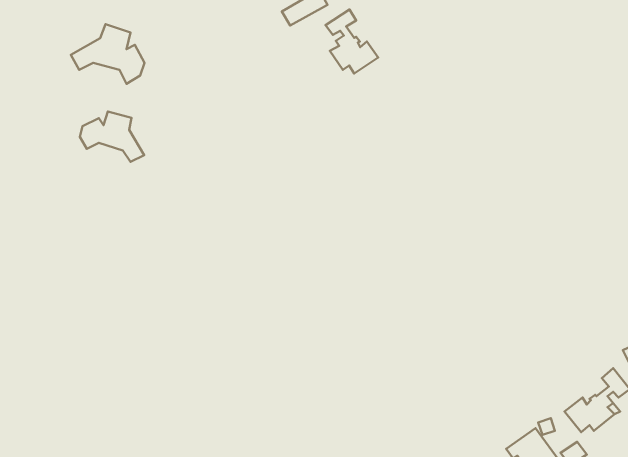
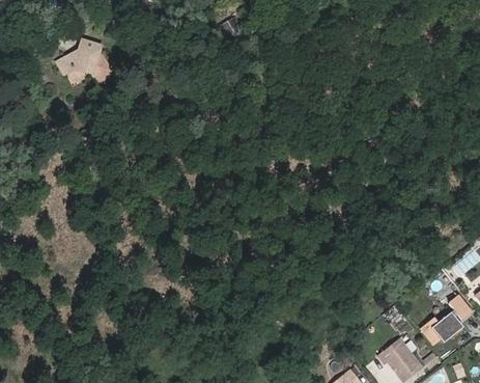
building: [326,9,378,73] -> none
building: [80,112,144,162] -> none

